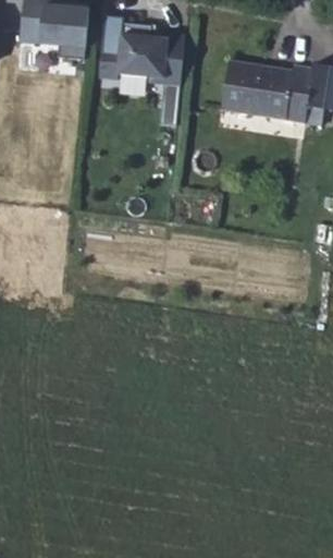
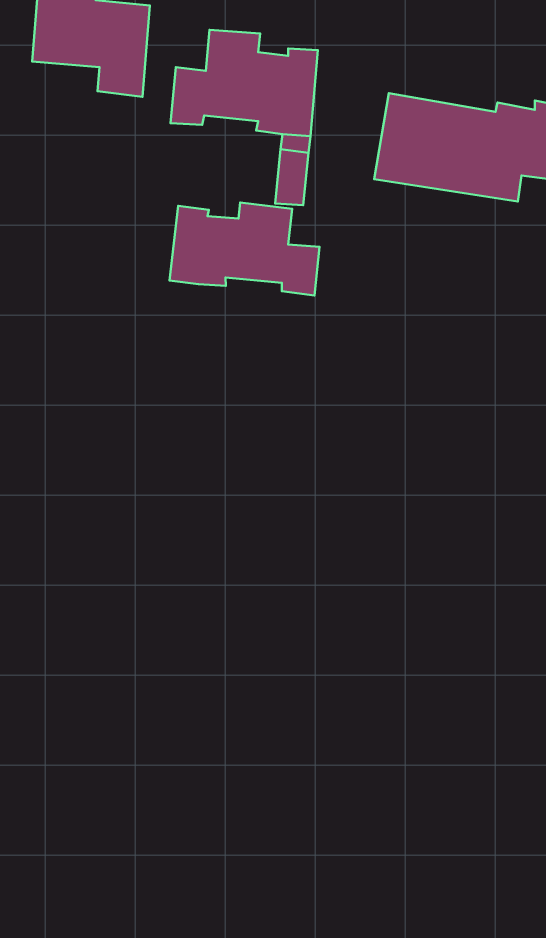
building: none -> [170,202,319,296]

